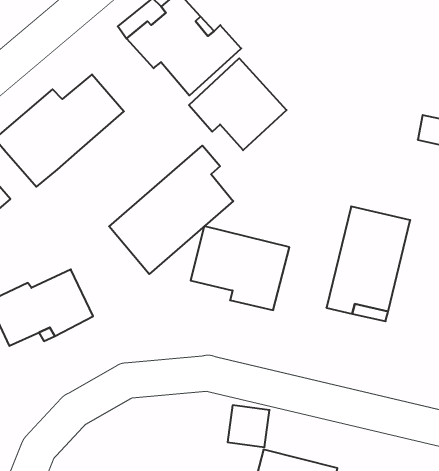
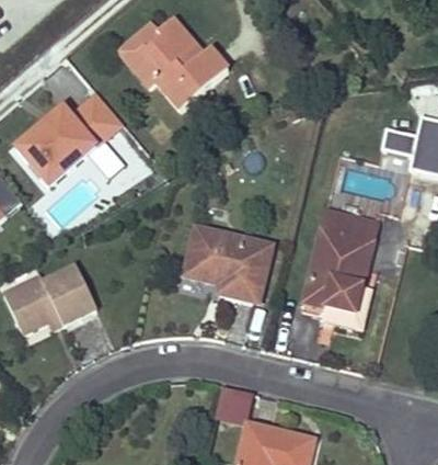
building: [189,58,287,150] -> none
building: [109,146,233,274] -> none

